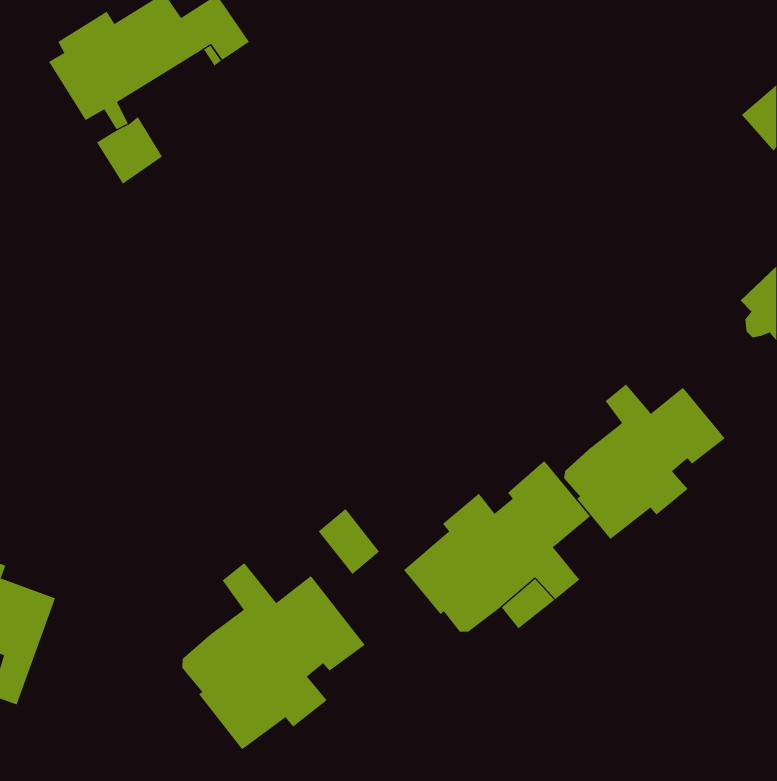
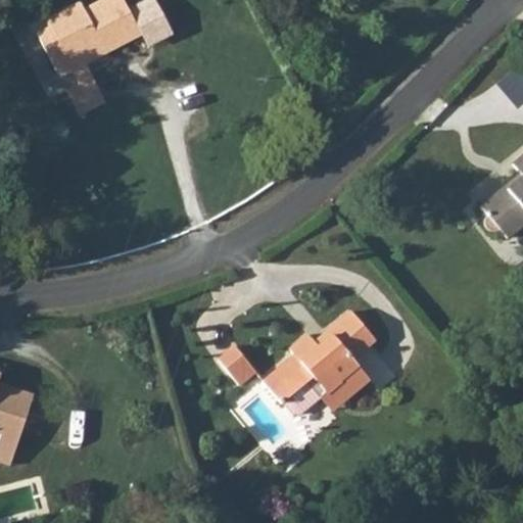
building: [564,383,726,540] -> none
building: [182,562,366,750] -> none

